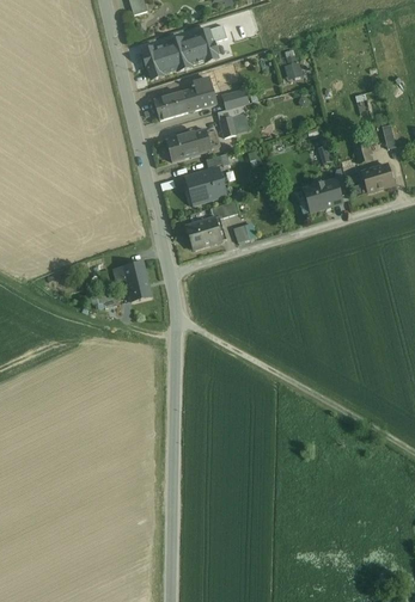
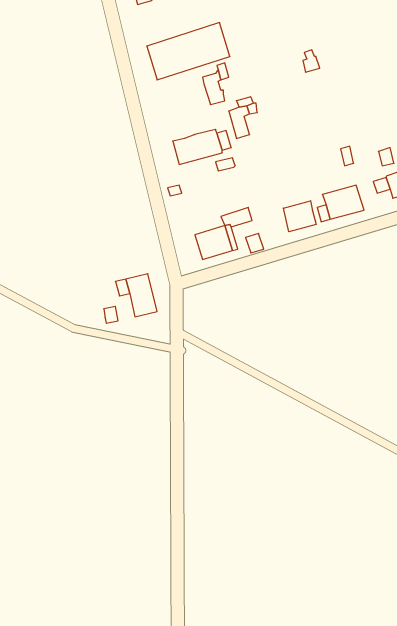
building: [154,85,202,119] -> none
building: [185,167,226,203] -> none
building: none -> [283,201,316,232]

